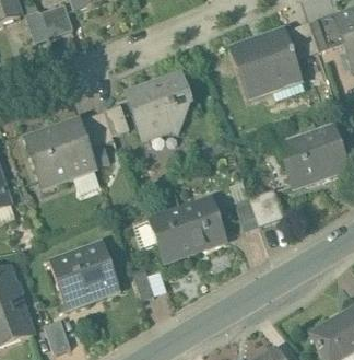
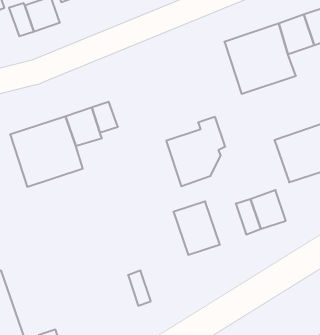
building: [130,69,187,136] -> [166,117,225,186]
building: [149,208,194,260] -> none
building: [47,242,119,311] -> none

